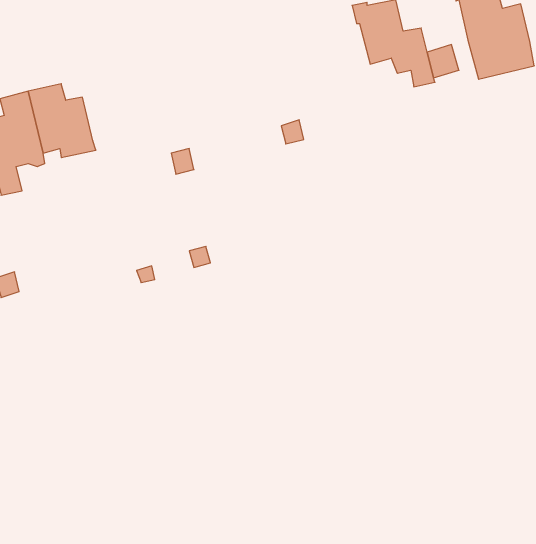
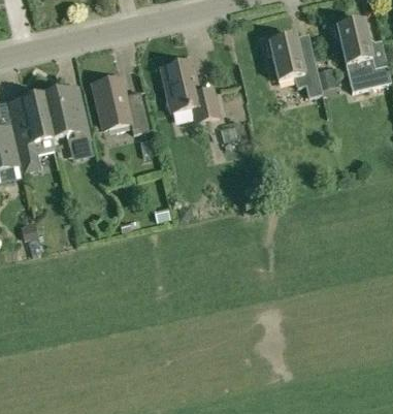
building: none -> [160,59,219,121]
building: none -> [92,75,149,133]

